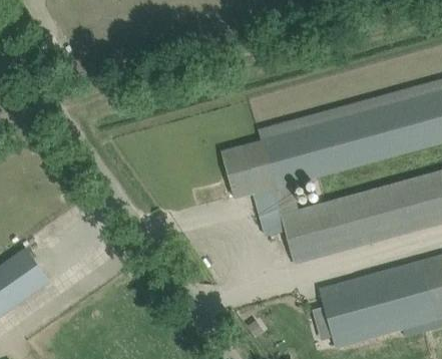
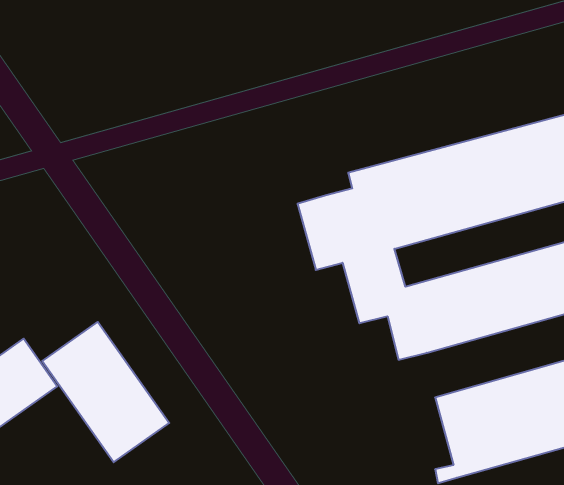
building: none -> [42,322,169,462]

